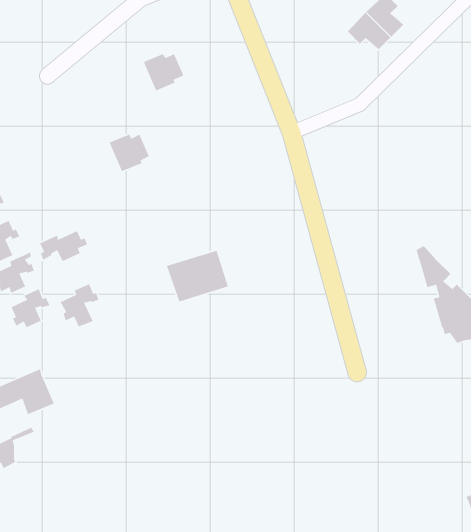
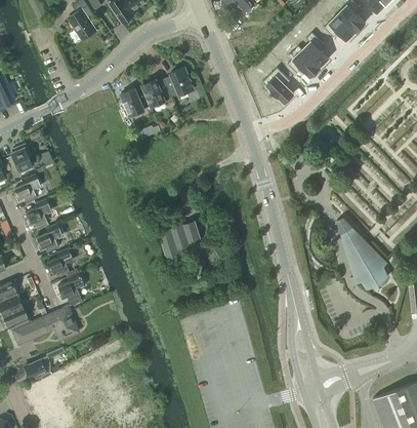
building: none -> [164,67,194,95]
building: none -> [266,71,294,104]
building: [109,134,150,172] -> [120,88,150,116]
building: [39,230,88,262] -> none
building: [60,283,99,327] -> [56,273,85,305]

